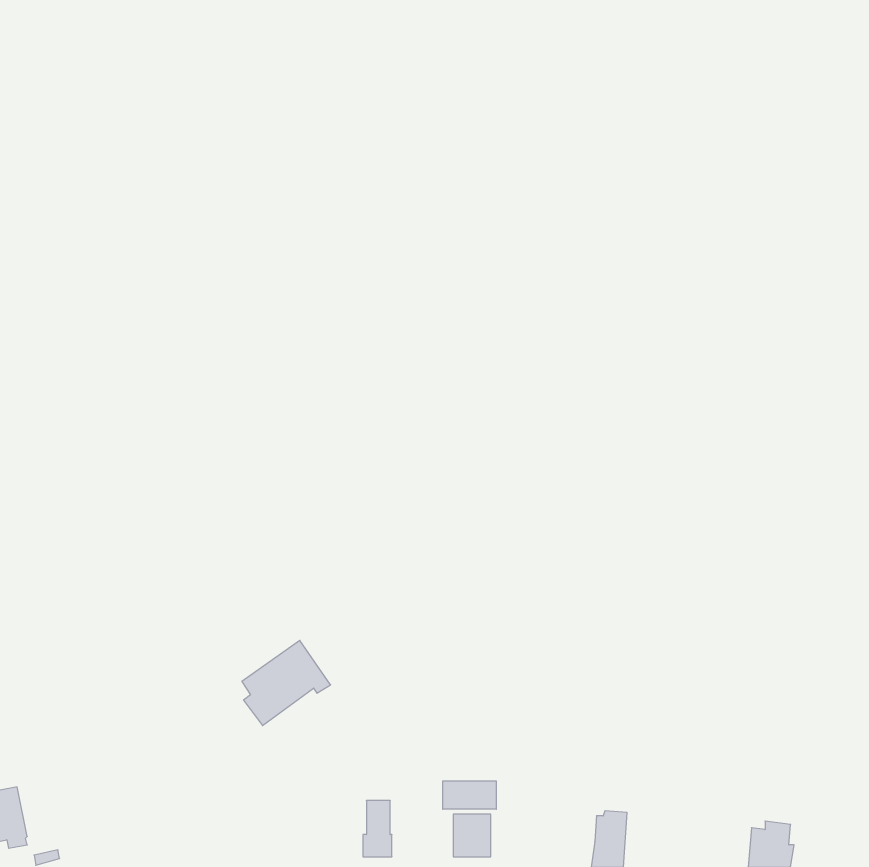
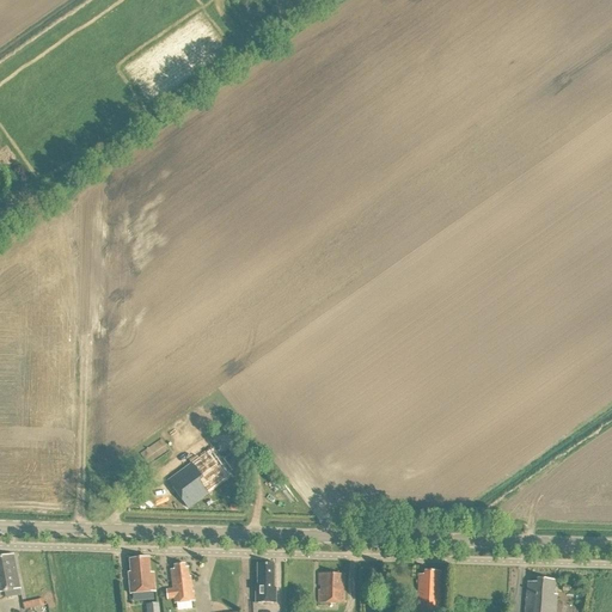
building: [443,781,496,809] -> none
building: none -> [128,557,154,592]
building: none -> [165,562,194,602]

